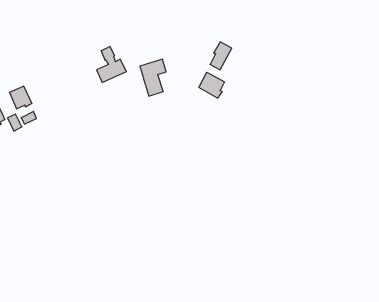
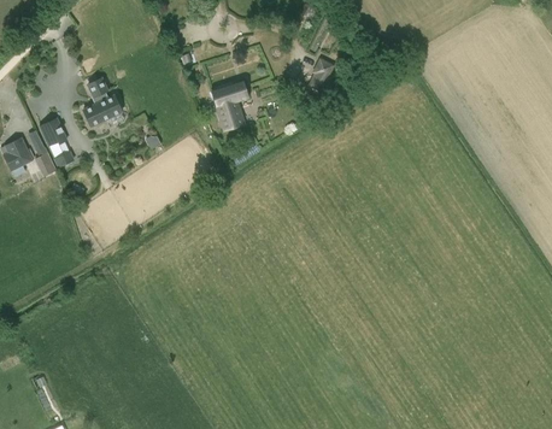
building: [97,46,126,82] -> [83,77,123,125]
building: [199,72,225,98] -> none

